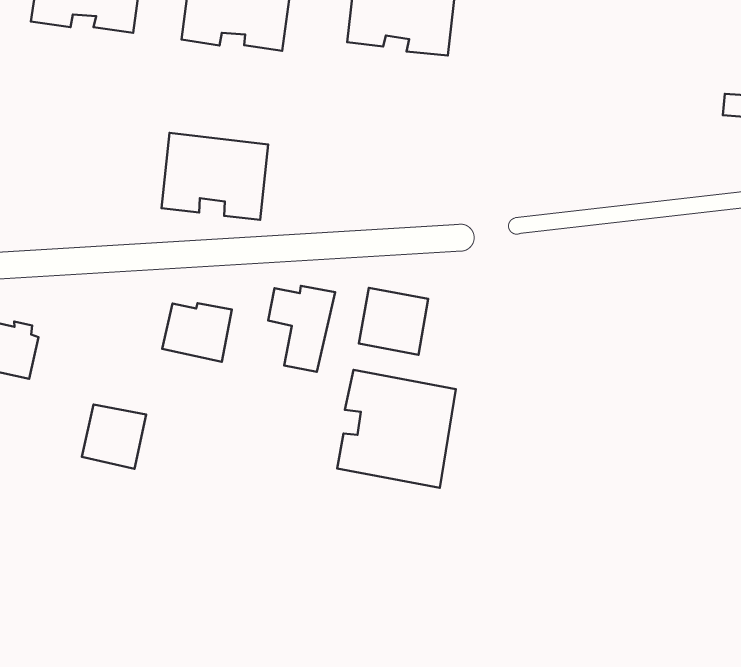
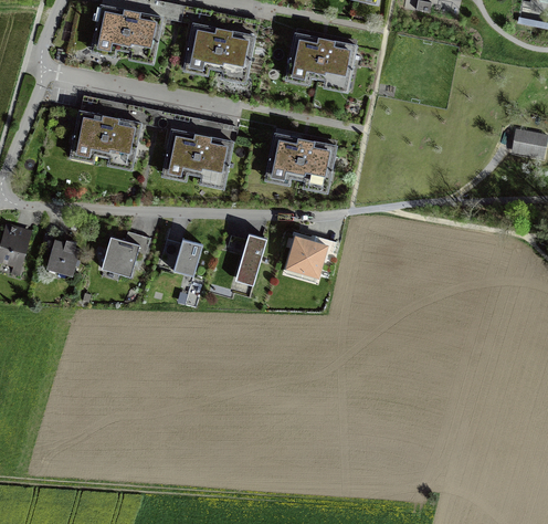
building: none -> [71,109,141,168]
building: none -> [267,130,338,190]
building: [337,370,456,488] -> none
building: [82,404,146,469] -> [95,238,137,280]

